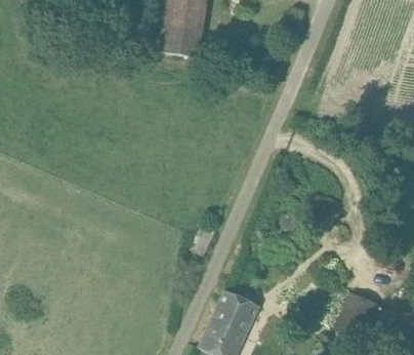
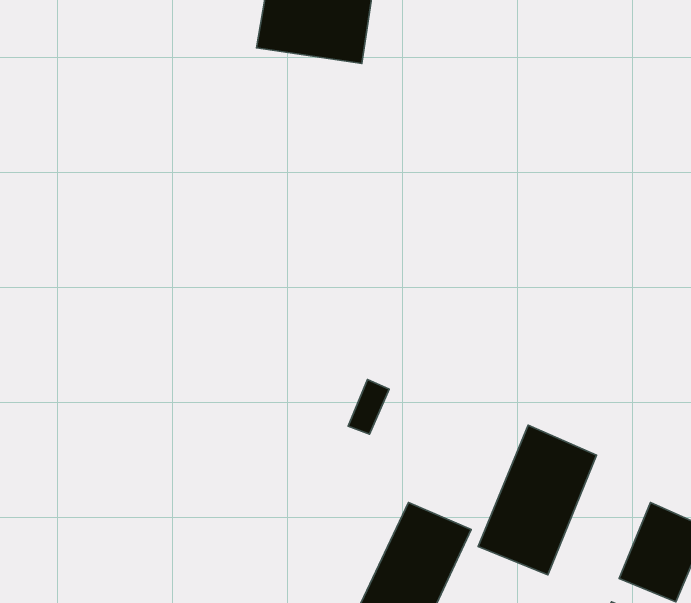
building: none -> [478,425,597,575]

